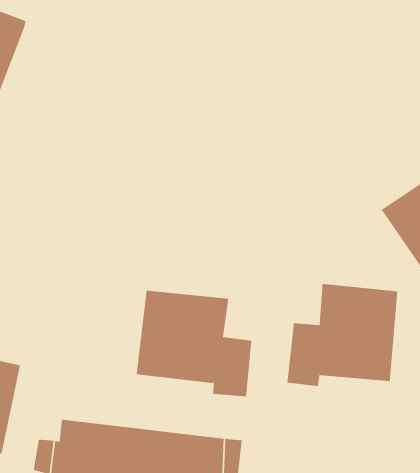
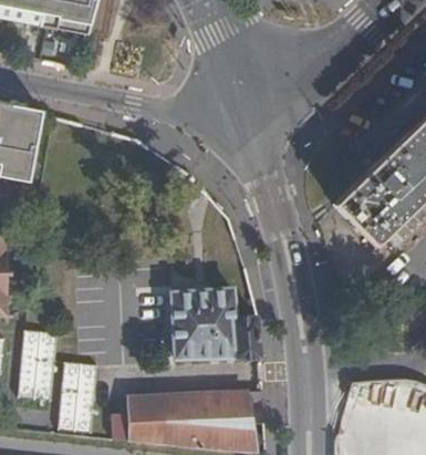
building: [287,283,398,387] -> none

